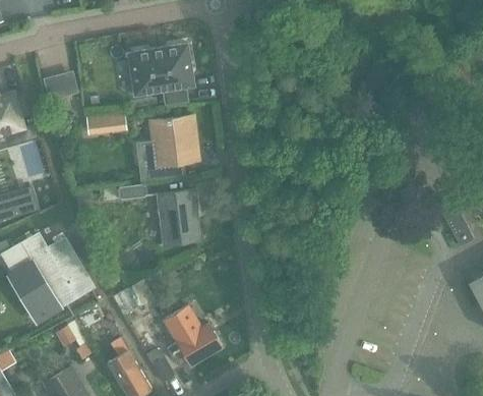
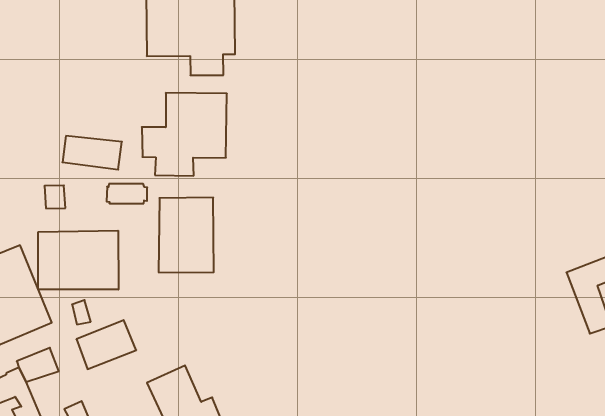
building: [45,71,79,98] -> none
building: [88,113,127,132] -> [62,136,122,170]
building: none -> [38,231,118,290]

